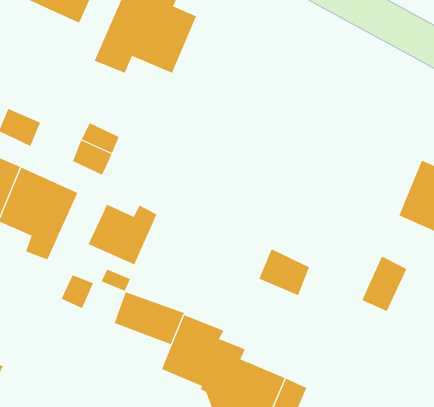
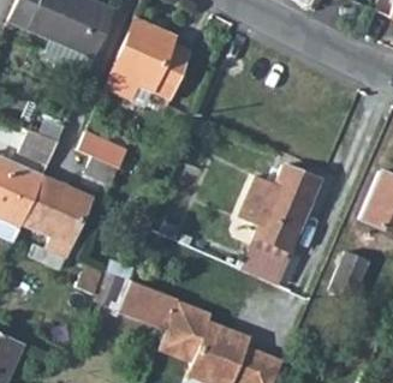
building: none -> [255,163,317,250]
building: [88,204,157,265] -> none

